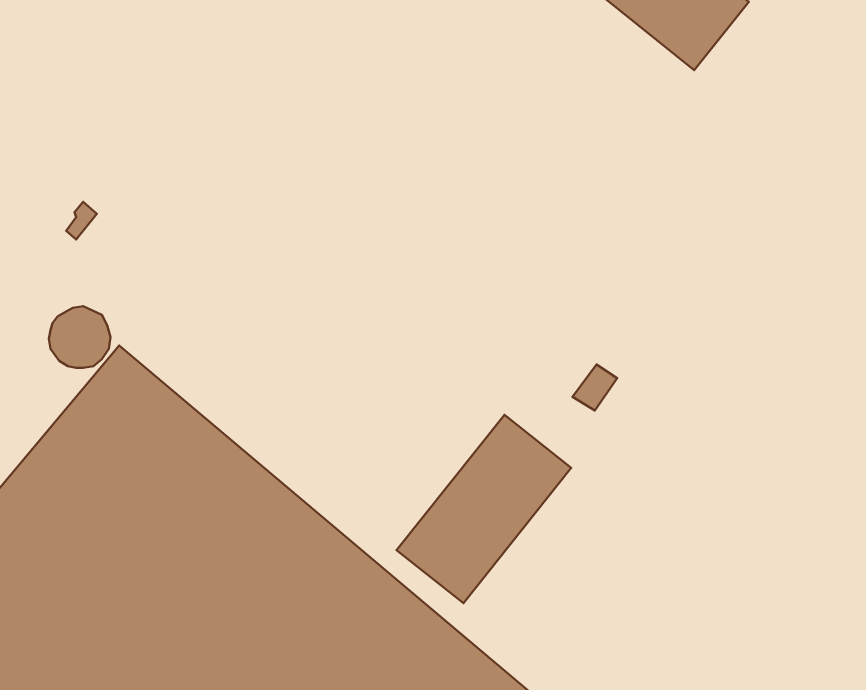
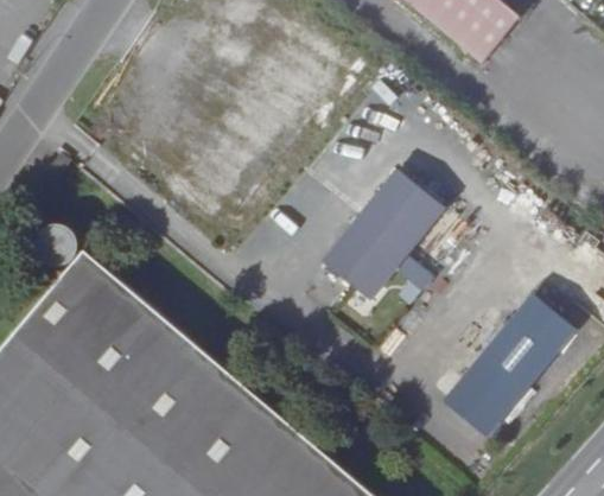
building: none -> [443,295,573,437]
building: [397,415,571,603] -> [323,168,444,299]

